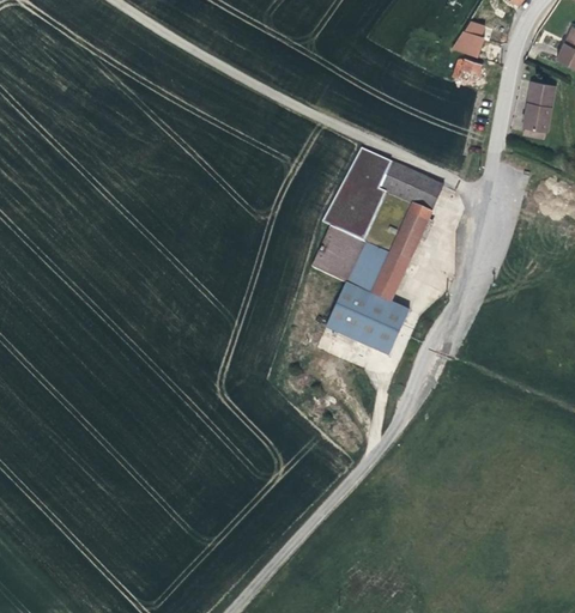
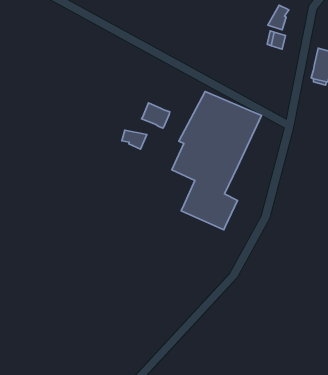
building: none -> [141,103,170,128]
building: none -> [122,130,147,149]

